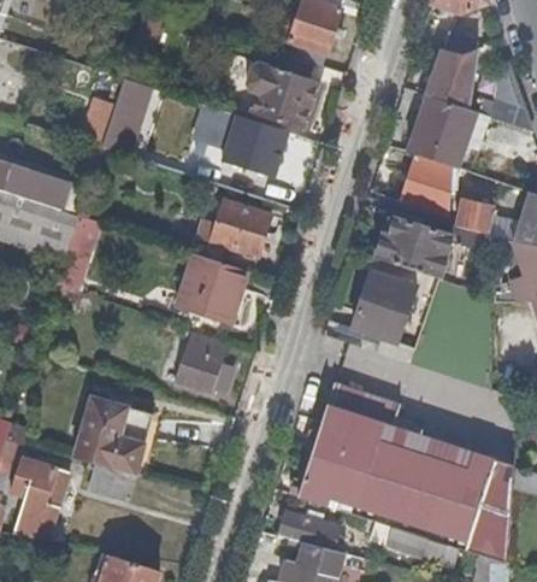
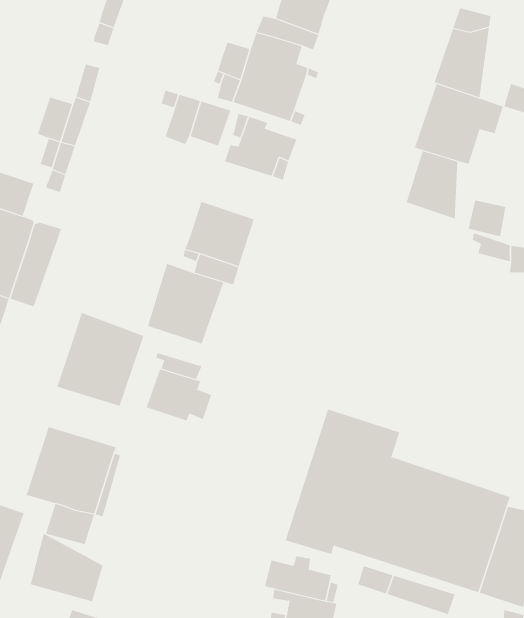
building: [374,213,454,278] -> none
building: [350,266,415,341] -> none
building: none -> [56,312,144,406]
building: none -> [30,533,103,602]

